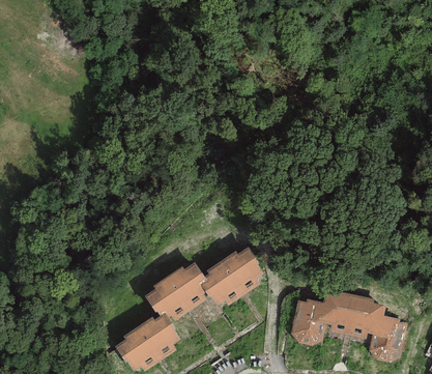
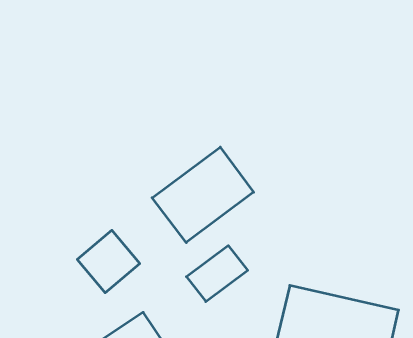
building: none -> [152,147,254,243]
building: [149,261,209,321] -> [77,230,140,293]

